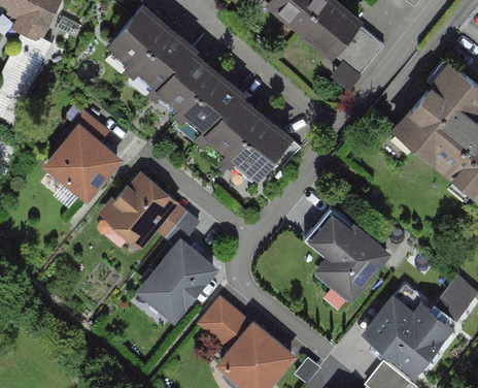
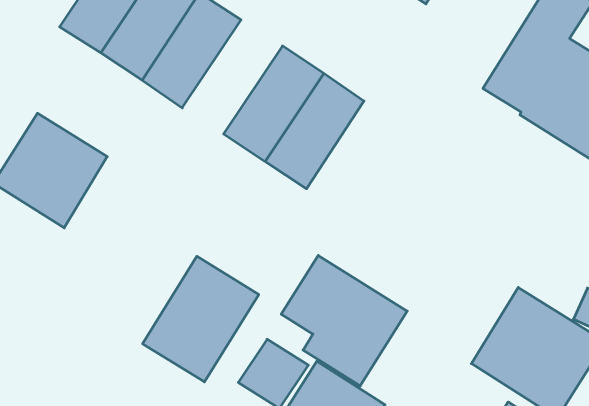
building: [180,72,255,151] -> none
building: [97,167,180,251] -> none
building: [302,205,390,300] -> [281,255,407,386]

